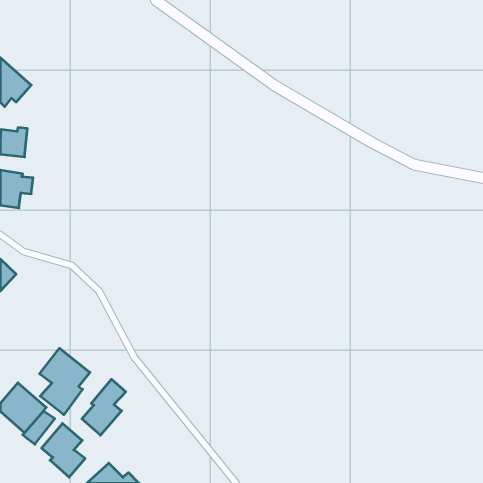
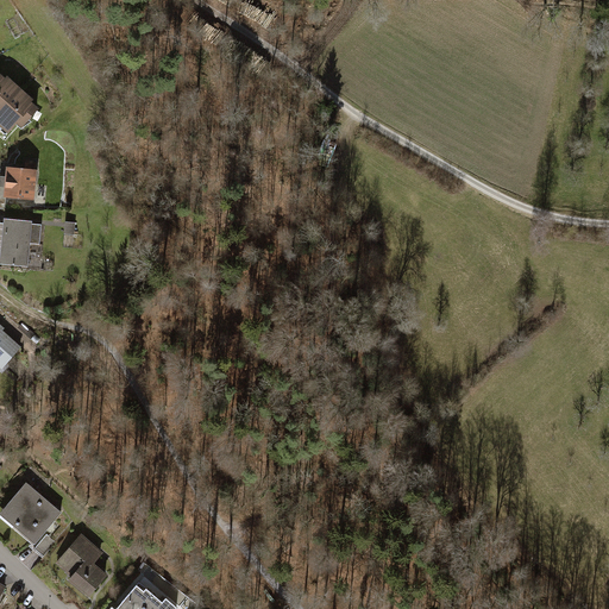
building: [40,348,90,415] -> none
building: [82,379,126,435] -> none

